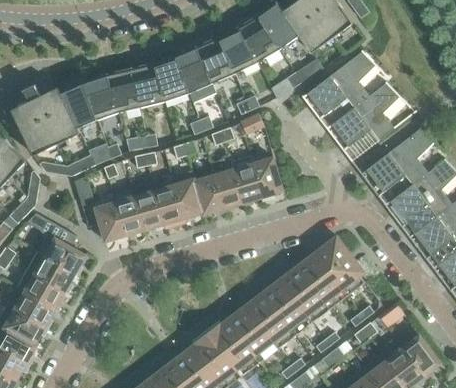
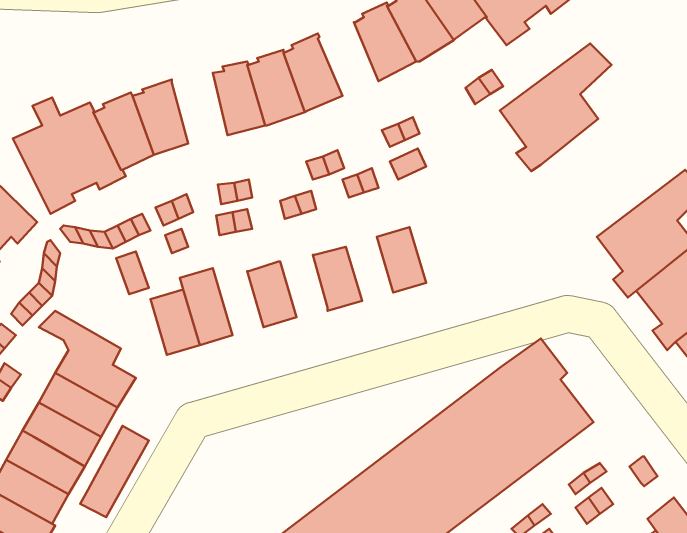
building: [197,37,234,84] -> none
building: [108,68,142,113] -> none
building: [333,83,400,162] -> none
building: [253,158,283,198] -> none
building: [214,170,243,209] -> none
building: [171,171,203,219] -> none
building: [133,183,164,230] -> none
building: none -> [80,426,149,517]

